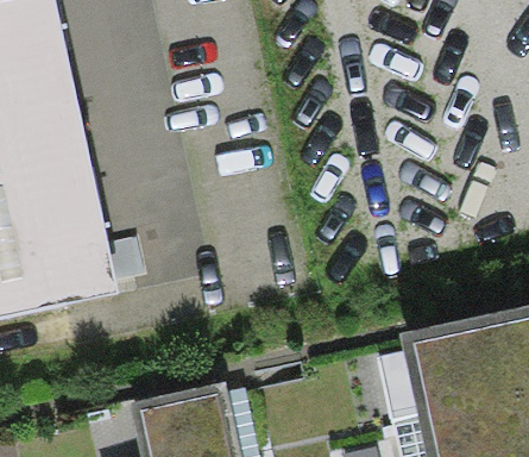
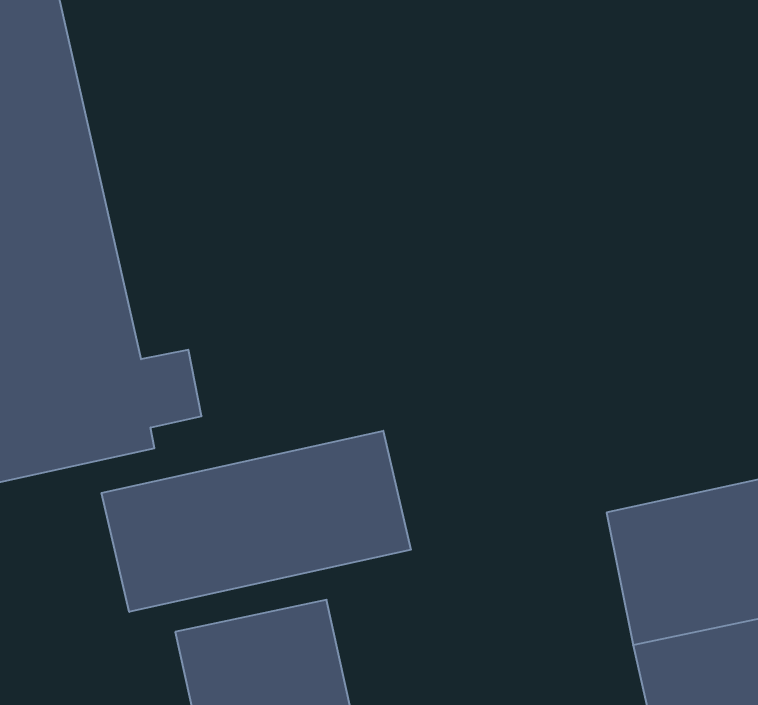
building: none -> [102,431,411,612]

